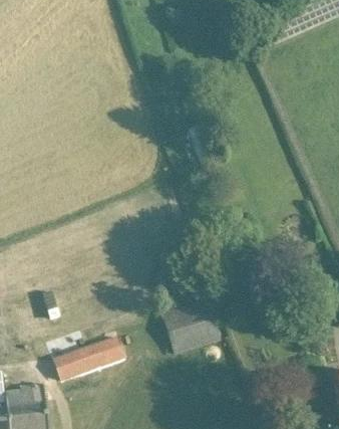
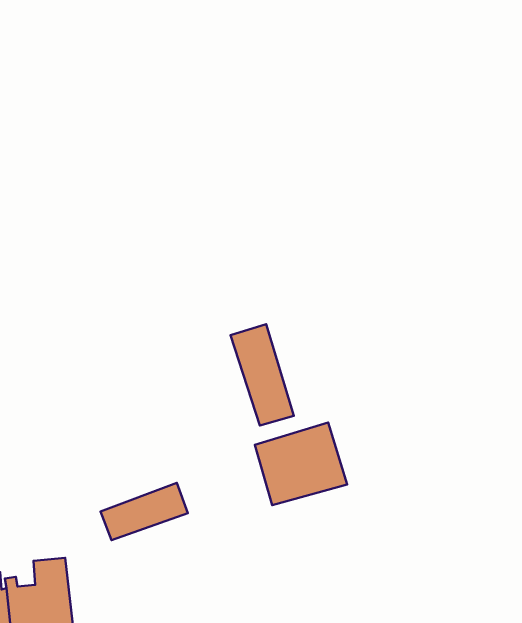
building: none -> [231,324,294,426]

